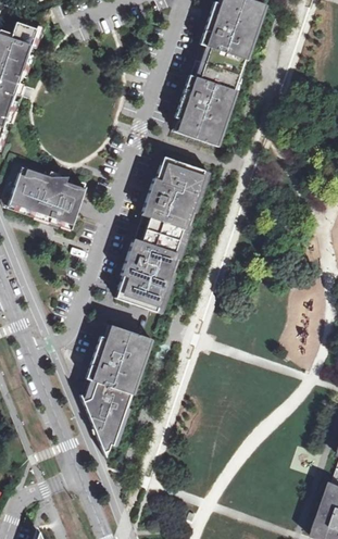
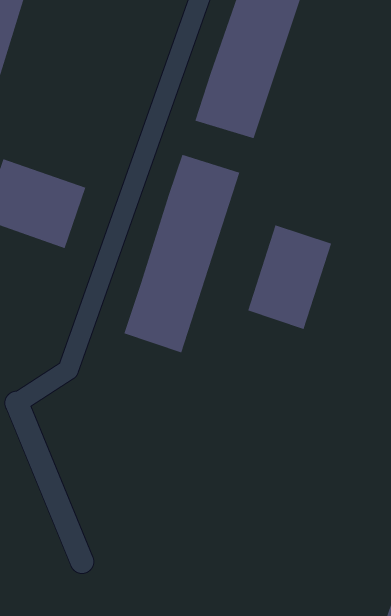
building: none -> [247,224,332,330]
building: [79,324,150,455] -> none

